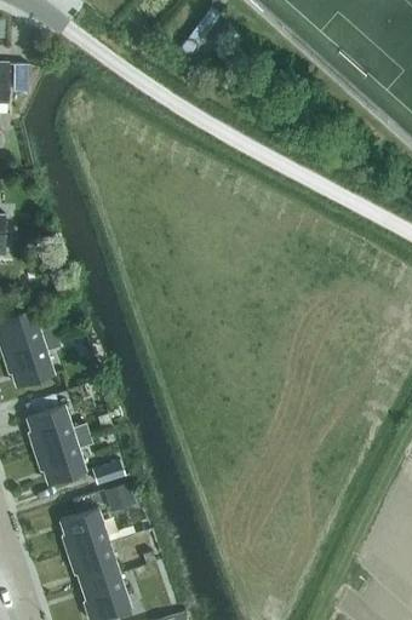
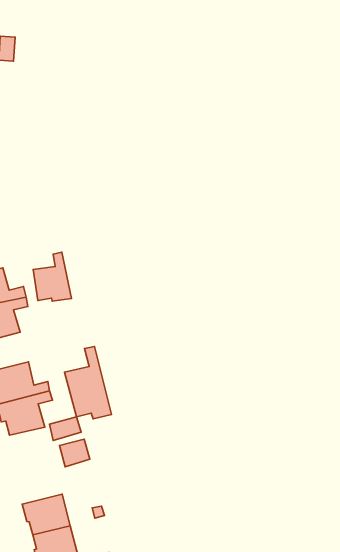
building: none -> [33,252,72,301]
building: none -> [64,347,111,419]
building: [59,509,109,556] -> none

